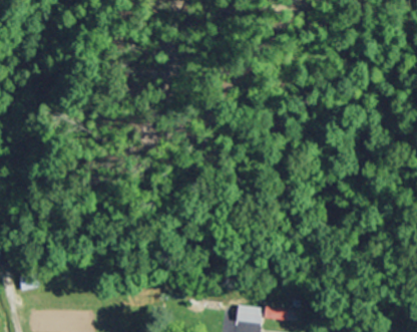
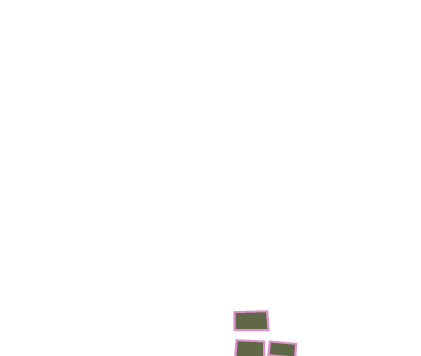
building: none -> [234,311,268,330]

